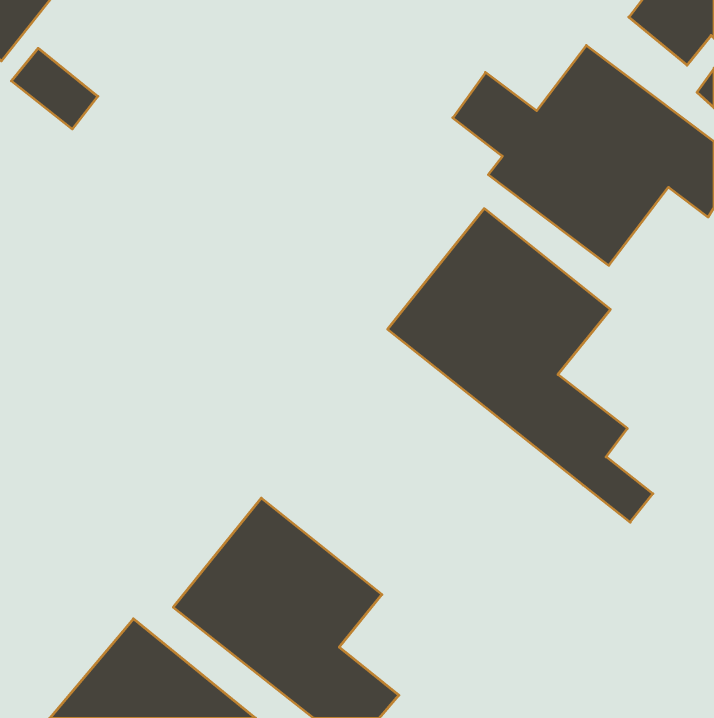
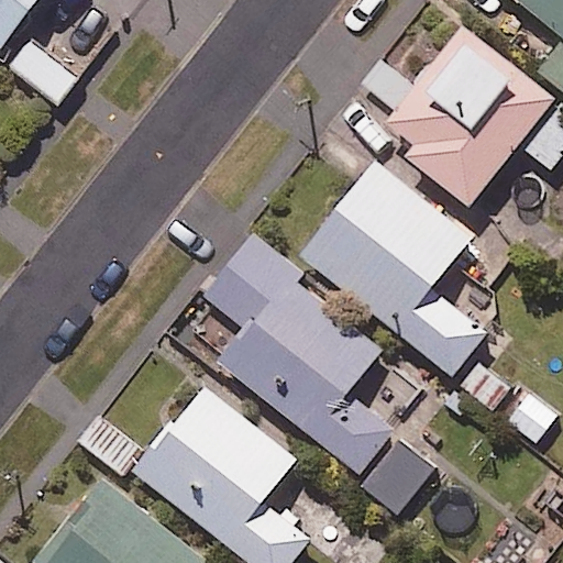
building: none -> [203,234,437,509]

